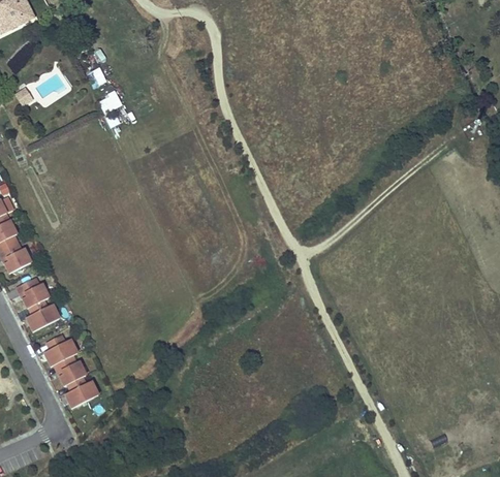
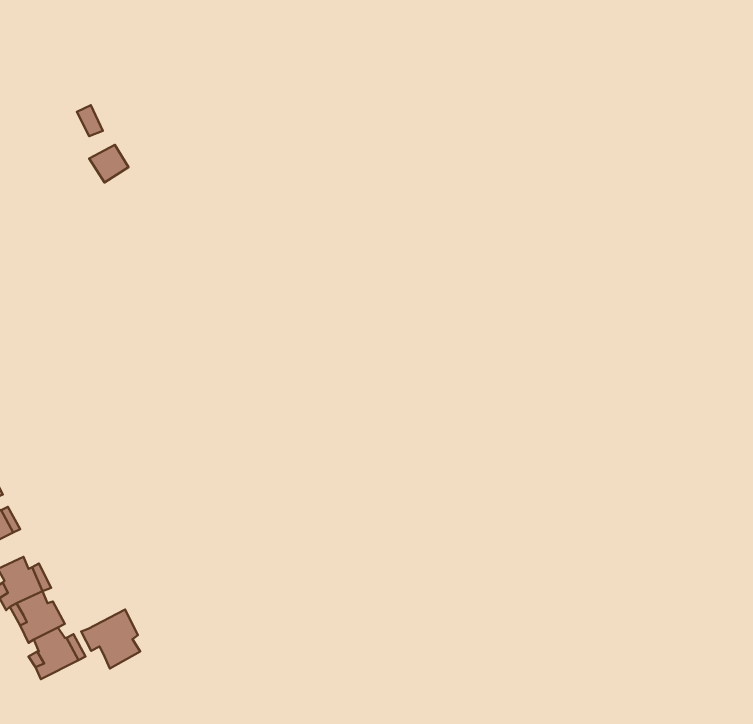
building: none -> [81,609,140,668]

